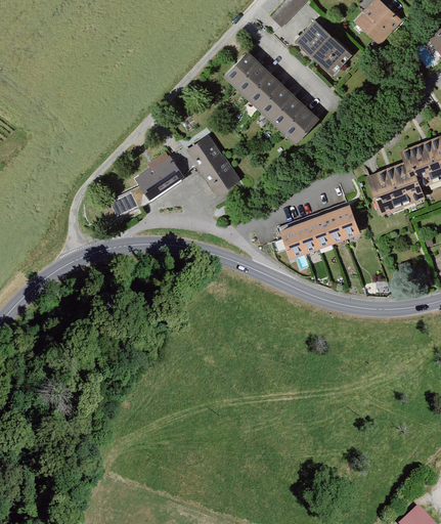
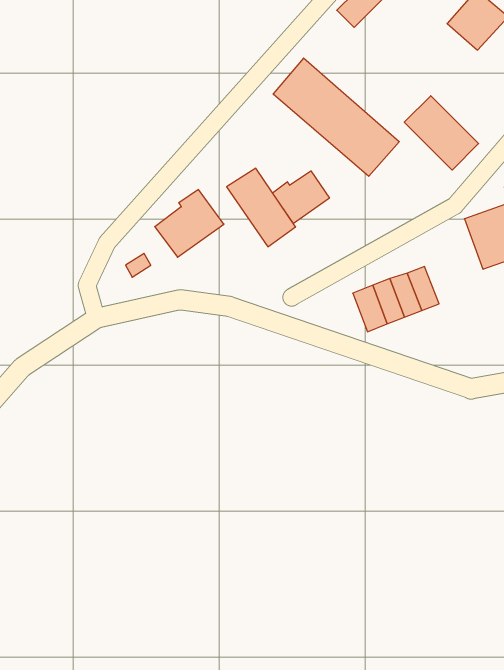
building: [295,18,352,76] -> [404,96,479,170]
building: none -> [273,171,329,224]
building: [338,205,363,239] -> none

